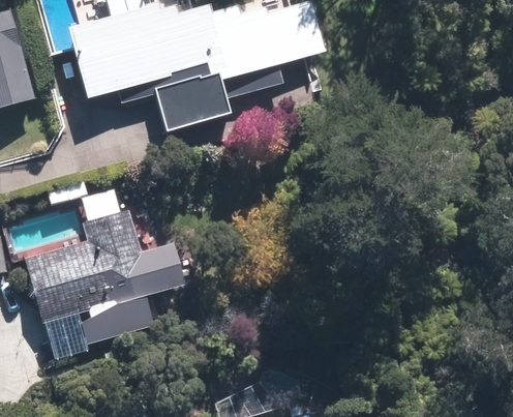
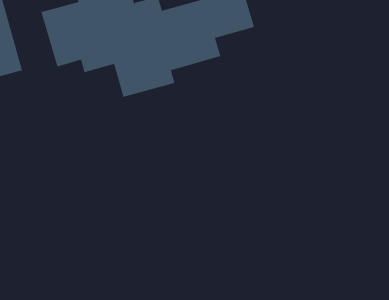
building: [26,209,171,356] -> none

